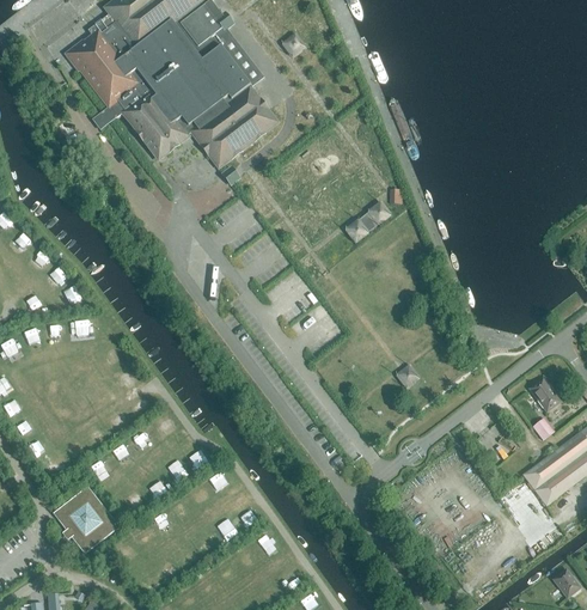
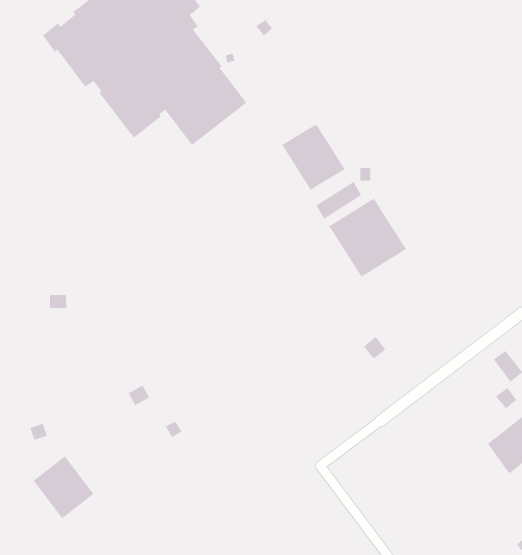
building: none -> [281,124,345,190]
building: none -> [328,198,407,277]

